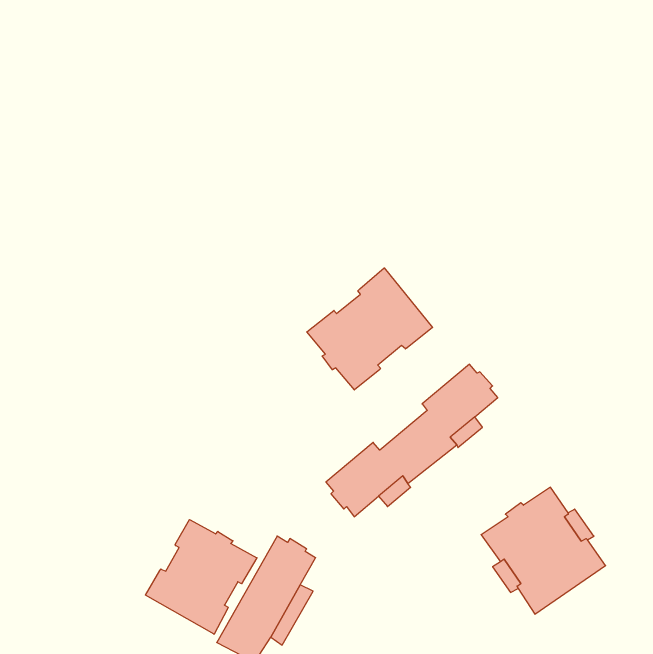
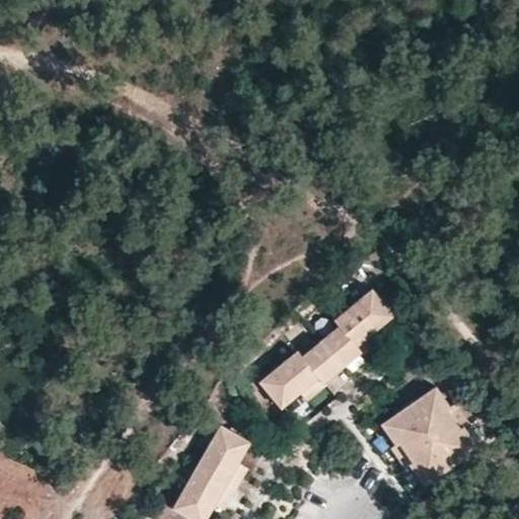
building: [307,268,433,390] -> none
building: [145,520,257,634] -> none

